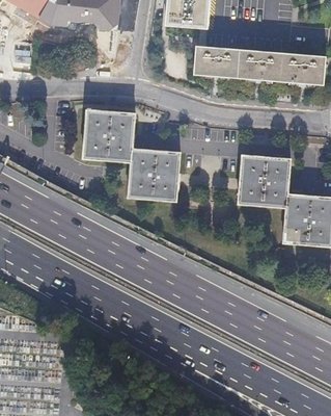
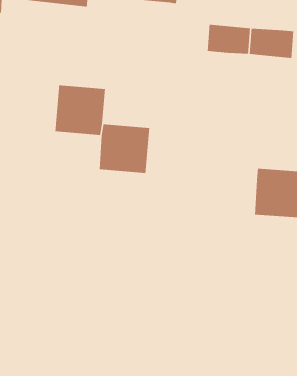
building: [194,45,240,76] -> none
building: [240,155,292,206] -> none

